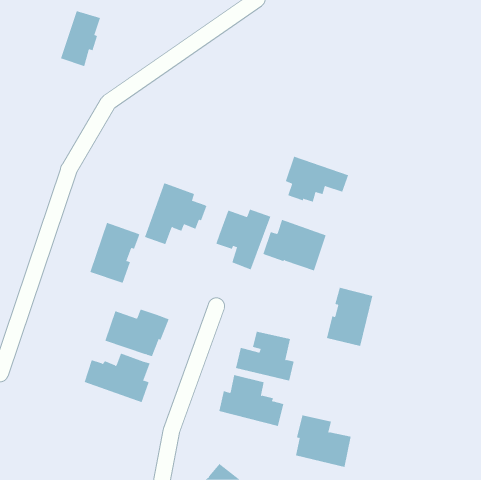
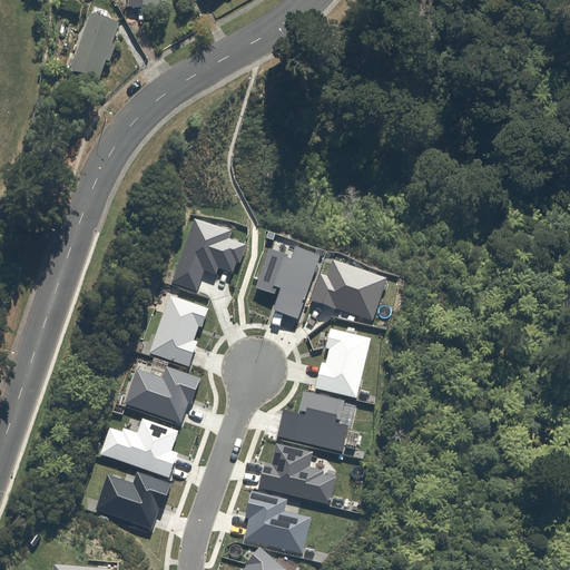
building: [285,156,349,202] -> none
building: [89,222,140,283] -> [148,293,208,365]
building: [326,287,373,347] -> [315,328,371,399]
building: none -> [95,470,171,527]
building: [295,415,352,468] -> [244,491,311,553]

